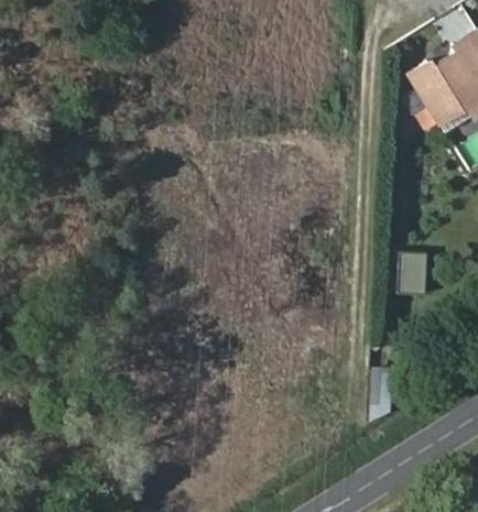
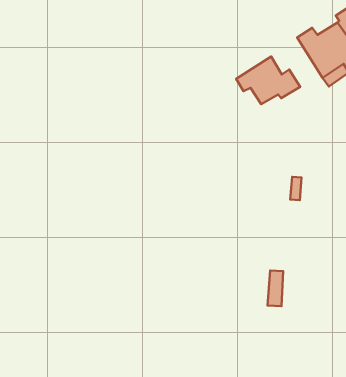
building: none -> [236,57,300,104]

